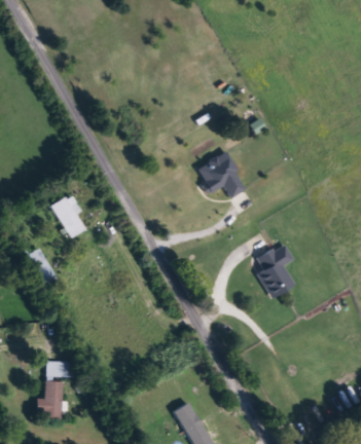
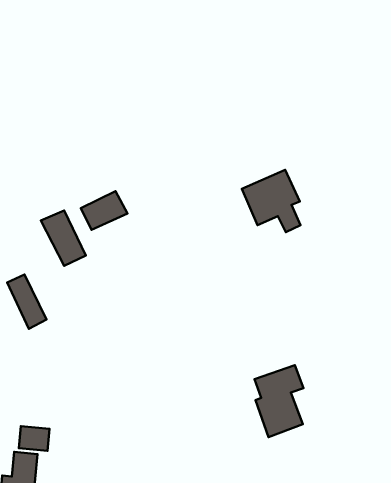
building: none -> [81,191,127,230]
building: [255,244,294,299] -> [255,365,304,437]

